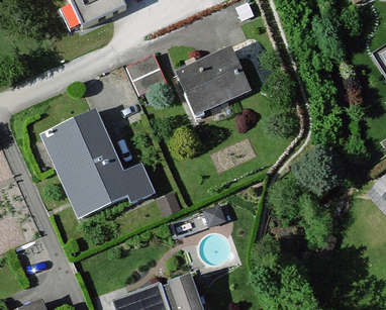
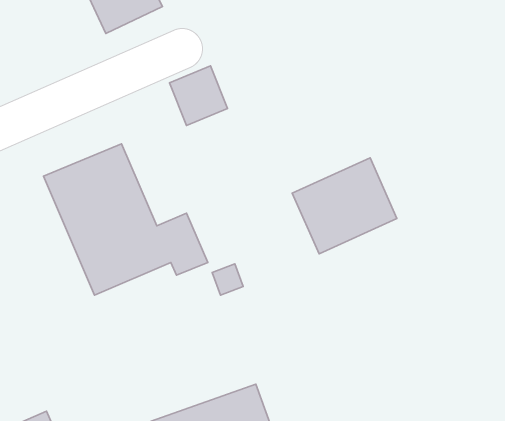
building: [178,49,253,118] -> [292,158,397,254]

